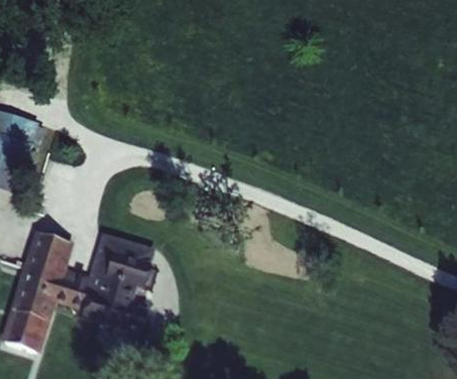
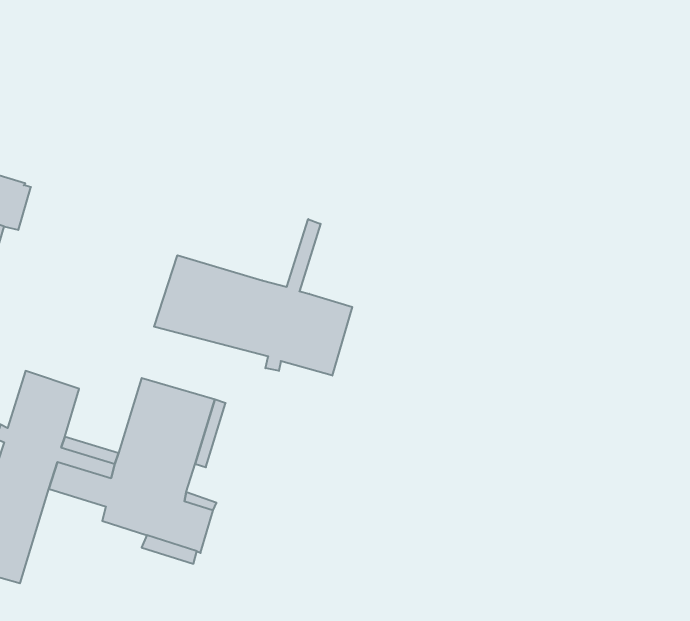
building: none -> [154,219,352,376]

